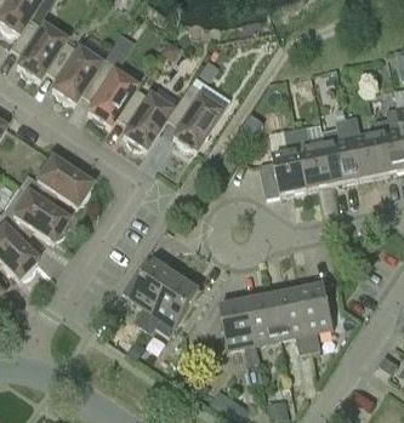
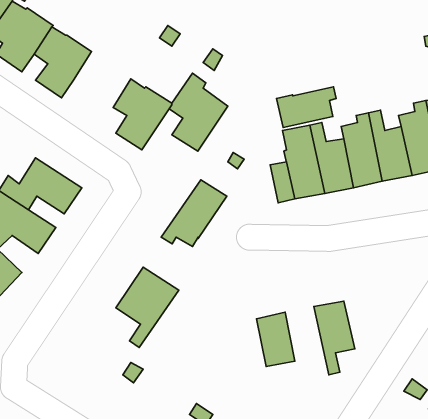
building: [85,57,137,126] -> none
building: none -> [277,87,336,128]
building: [143,274,201,333] -> [161,180,227,247]
building: [273,288,312,351] -> none
building: [221,299,260,361] -> none

